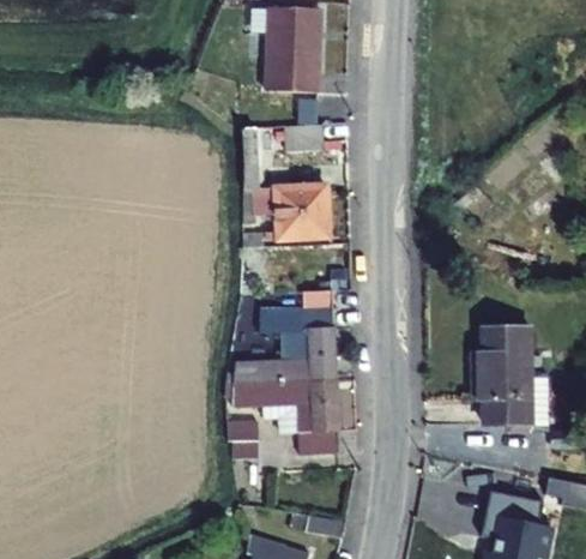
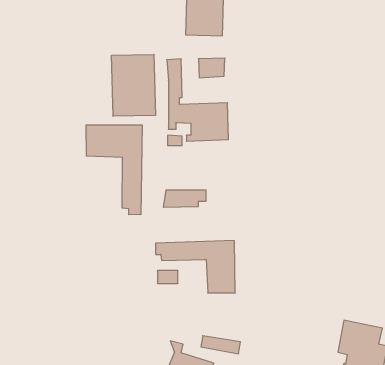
building: none -> [112,54,155,116]
building: none -> [86,125,142,215]
building: [225,290,336,383] -> none
building: [477,329,534,432] -> none

